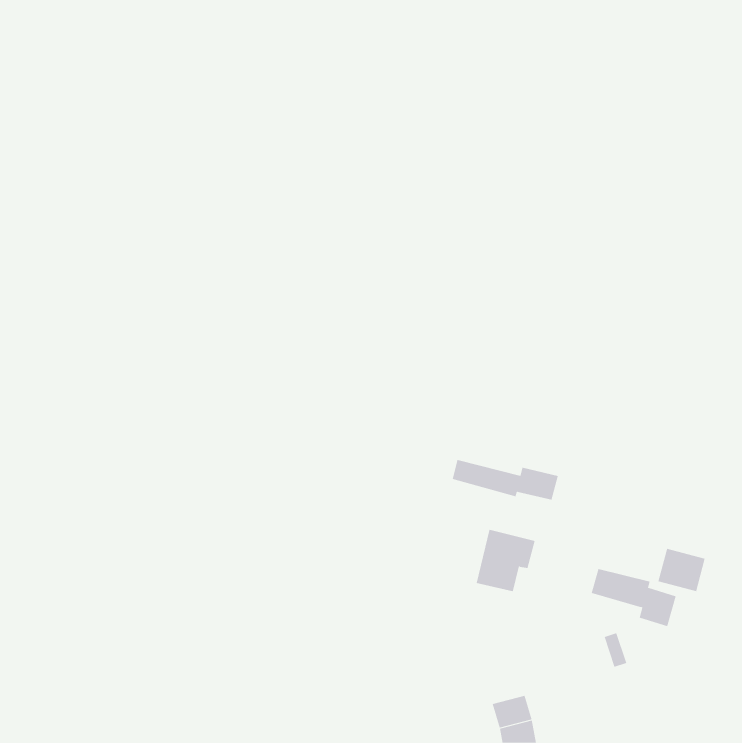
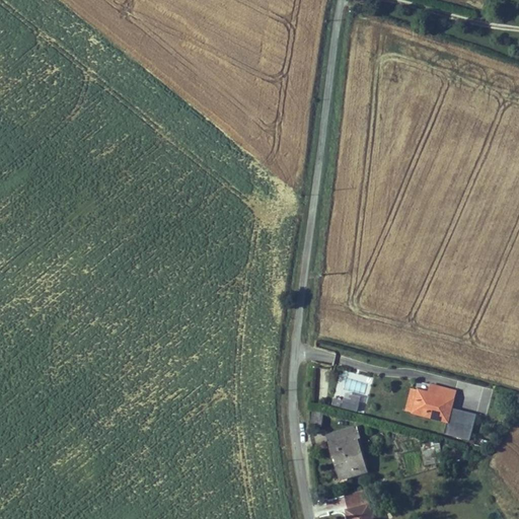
building: [452,459,558,501] -> none
building: none -> [418,384,458,405]
building: none -> [328,425,363,476]

